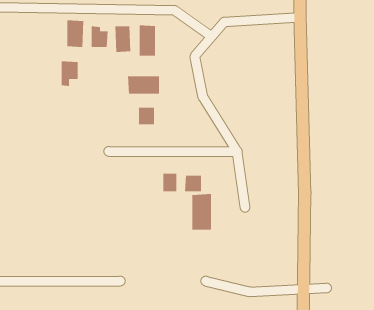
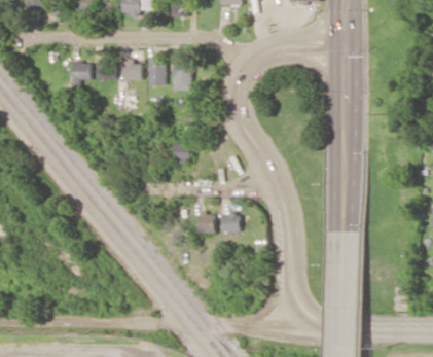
building: [61,61,79,86] -> [71,62,89,88]
building: [127,76,159,95] -> none
building: [192,193,212,230] -> none

